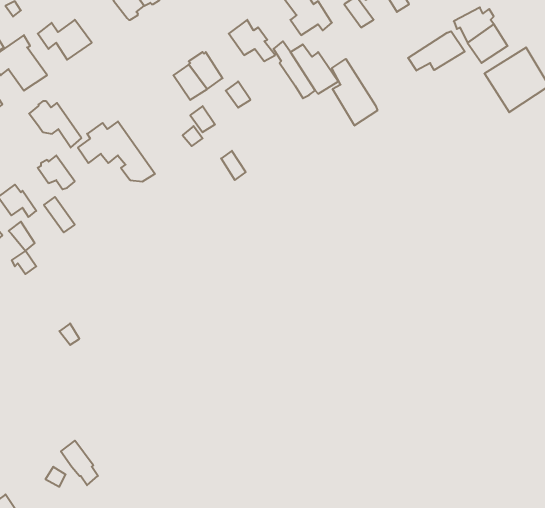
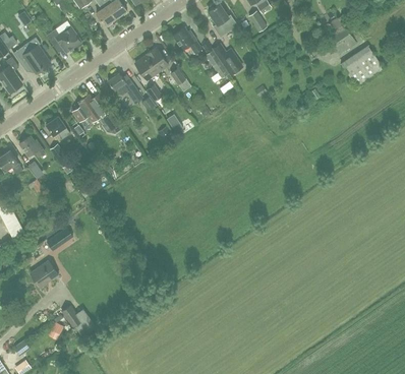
building: [408,31,465,71] -> none
building: [332,59,377,126] -> none
building: [29,101,81,148] -> [108,73,142,104]
building: none -> [31,259,59,287]

